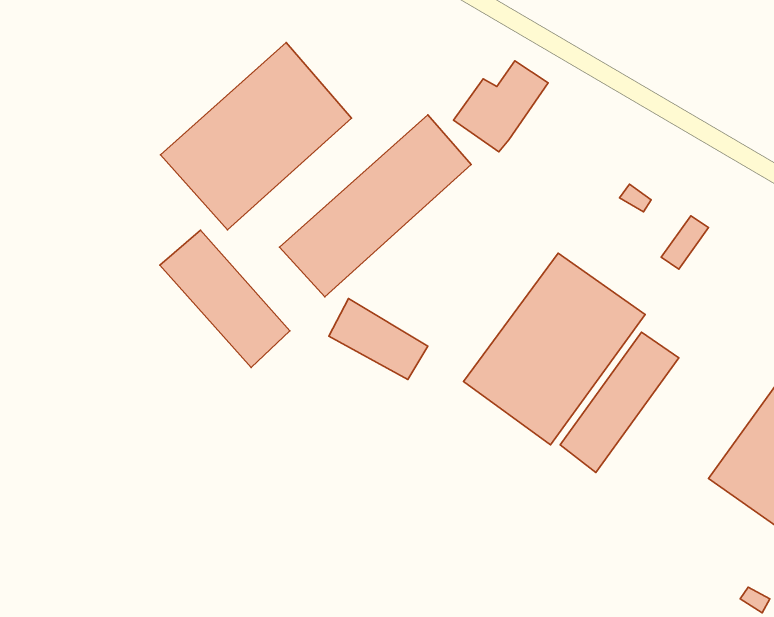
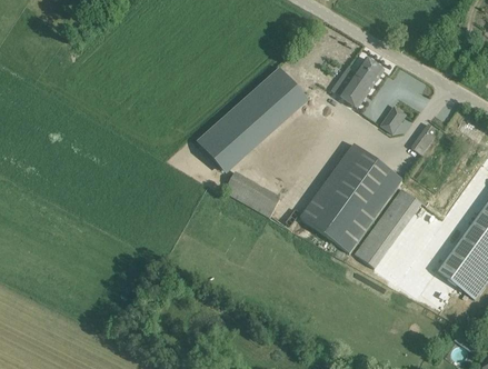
building: [161,43,351,230] -> none
building: [453,61,548,152] -> [331,58,385,109]
building: [160,230,290,367] -> none

